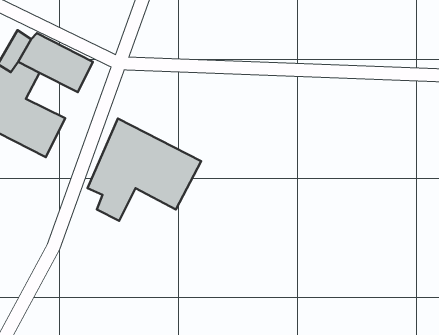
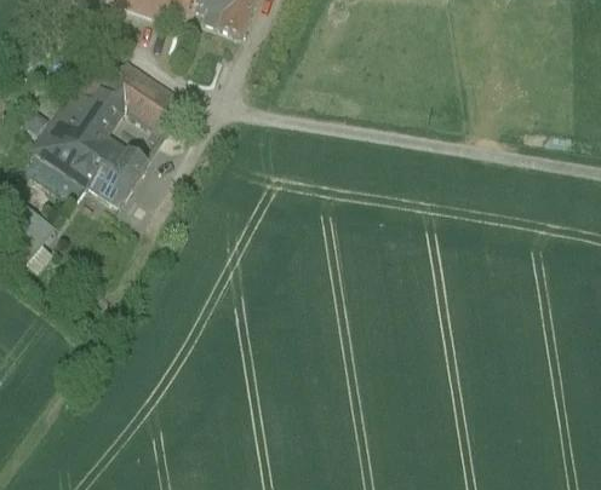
building: [87,119,201,221] -> none

